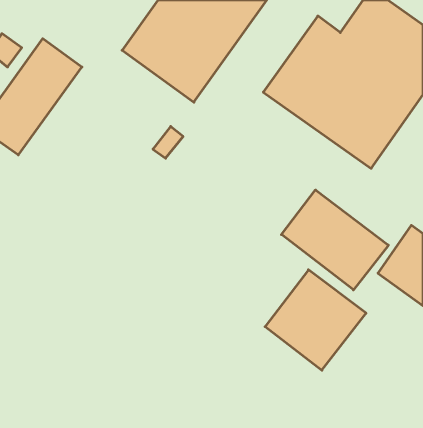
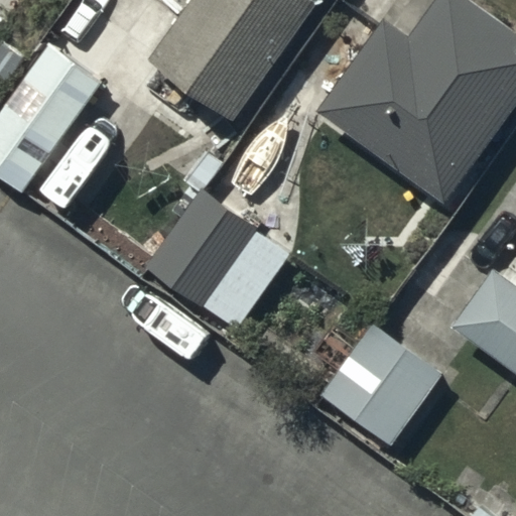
building: none -> [147,191,287,328]
building: [281,190,388,290] -> none

